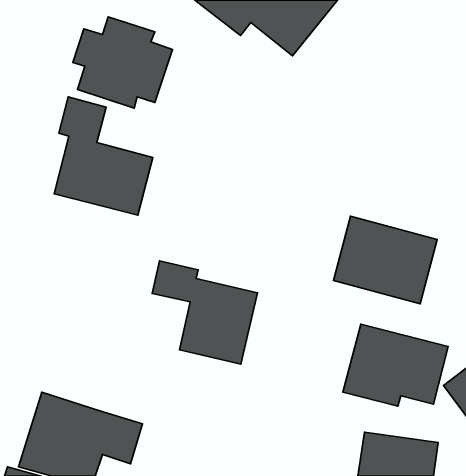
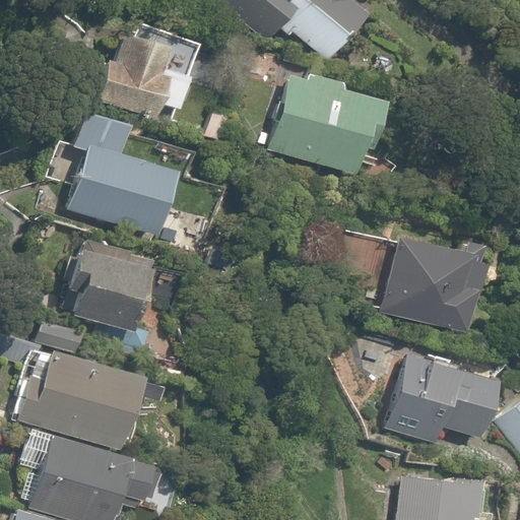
building: none -> [266,69,386,176]
building: none -> [70,239,153,334]
building: [152,261,258,364] -> none
building: none -> [32,350,142,448]

